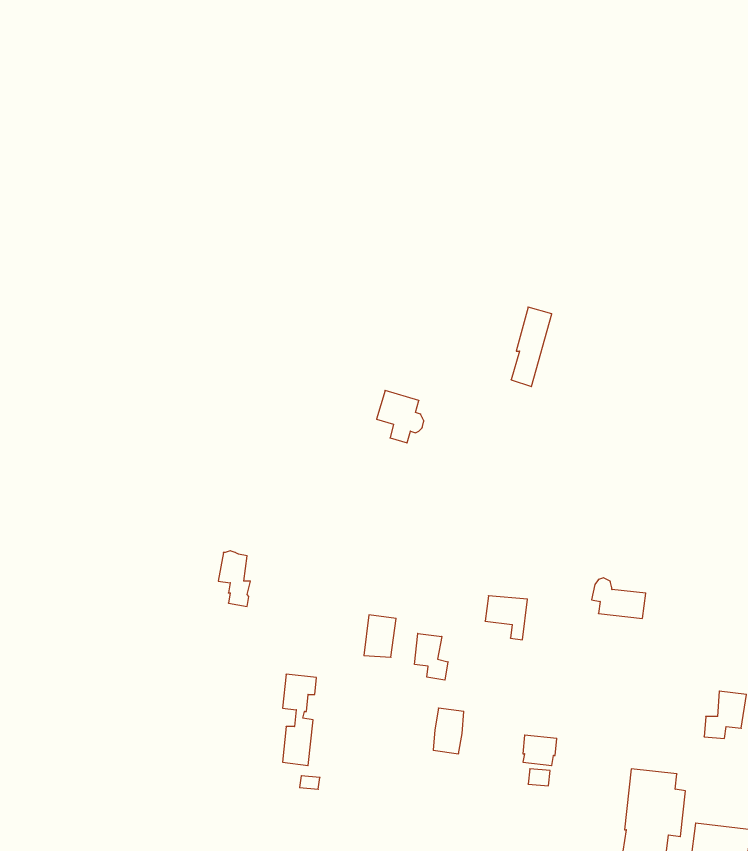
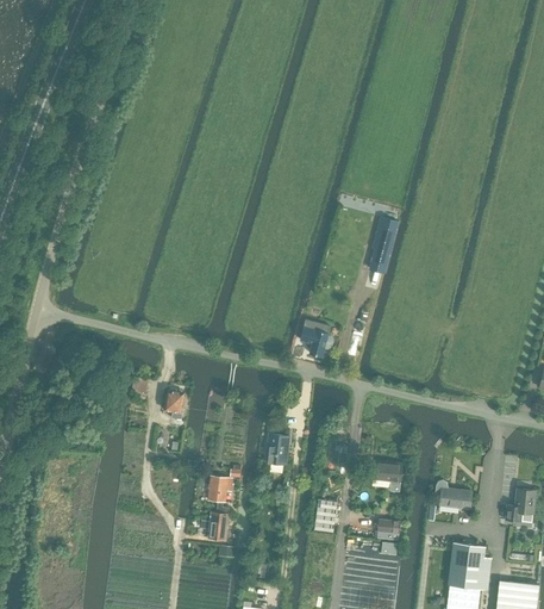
building: [377,390,424,443] -> [300,319,333,356]
building: [592,578,646,618] -> [433,480,471,509]
building: [485,596,527,640] -> [371,461,401,492]
building: [415,633,448,680] -> none

